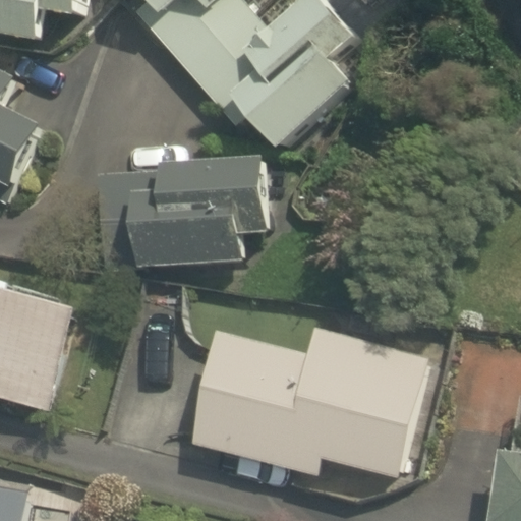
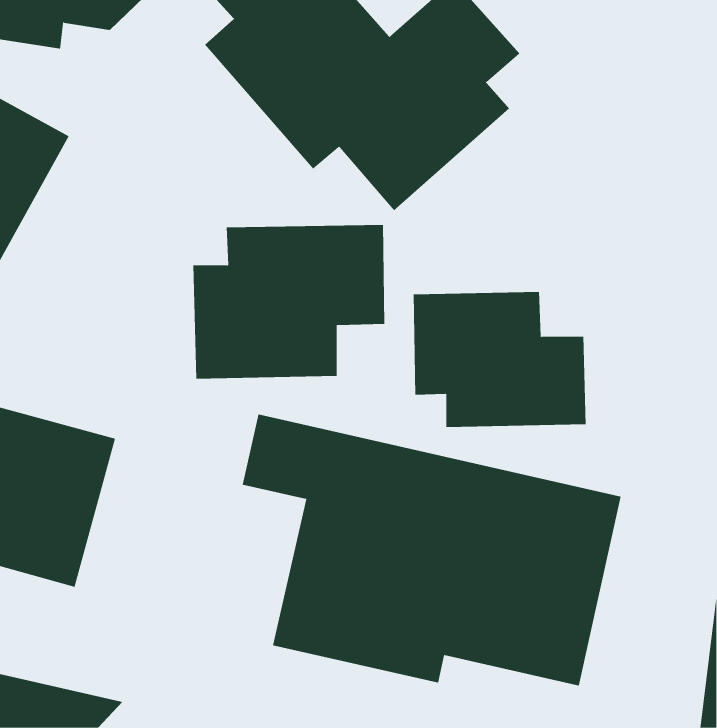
building: none -> [413,291,586,428]

